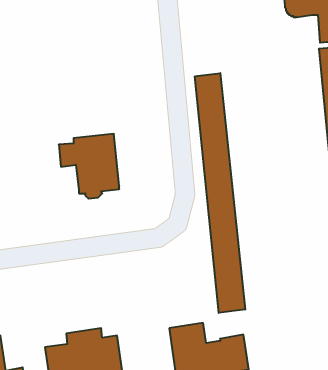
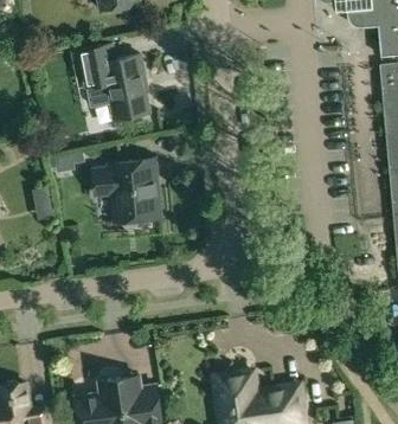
building: none -> [75,43,146,121]
building: [195,73,245,313] -> none

